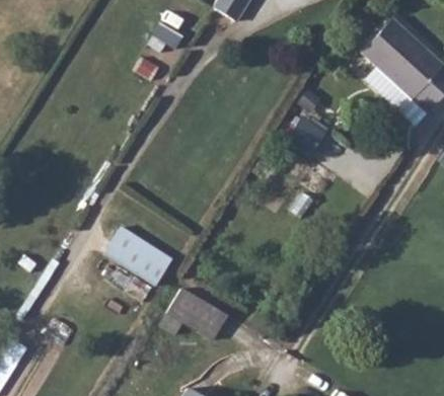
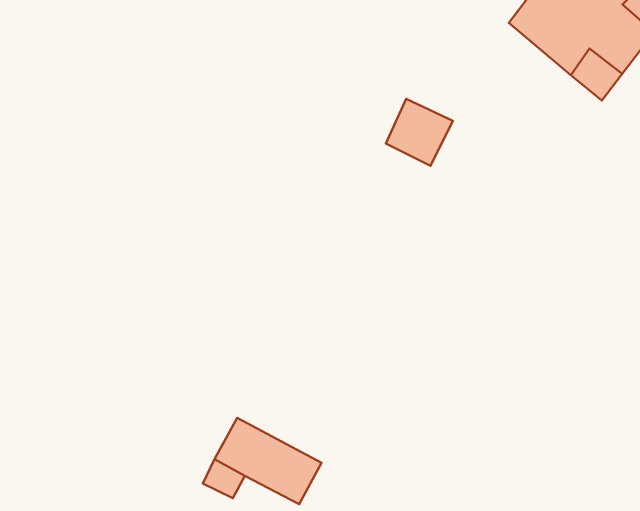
building: [114,228,174,282] -> none

